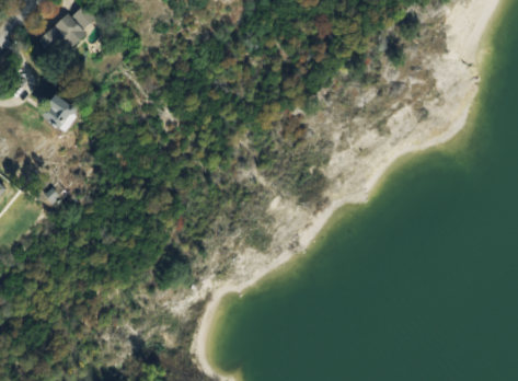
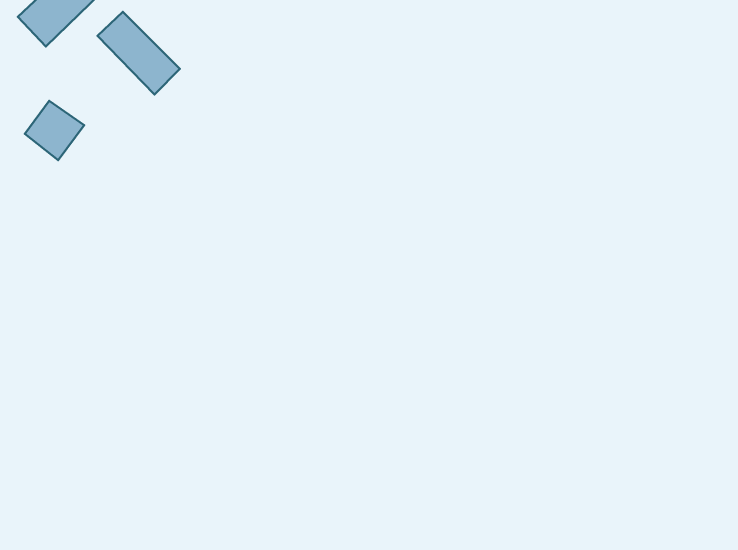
building: none -> [97,12,180,94]

